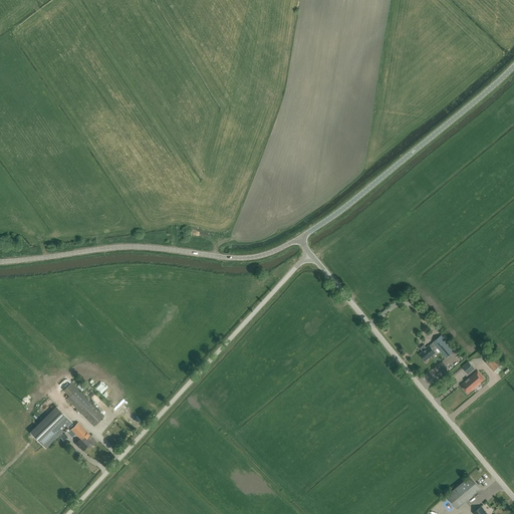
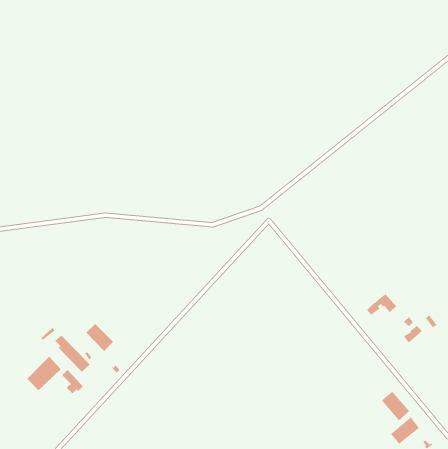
building: none -> [85,323,114,352]
building: none -> [381,391,410,421]

